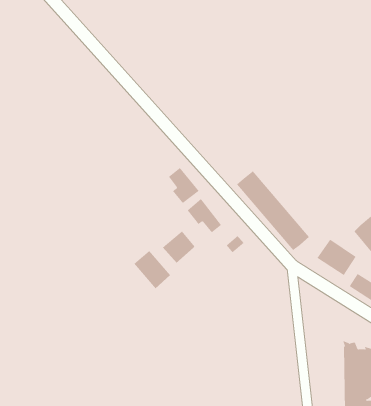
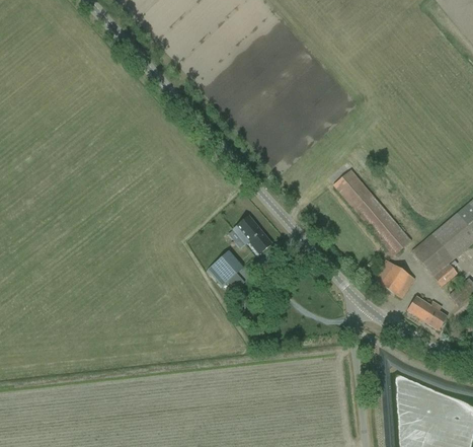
building: [168,167,200,204] -> none
building: [236,170,310,251] -> [333,169,412,255]
building: [134,250,171,289] -> none

